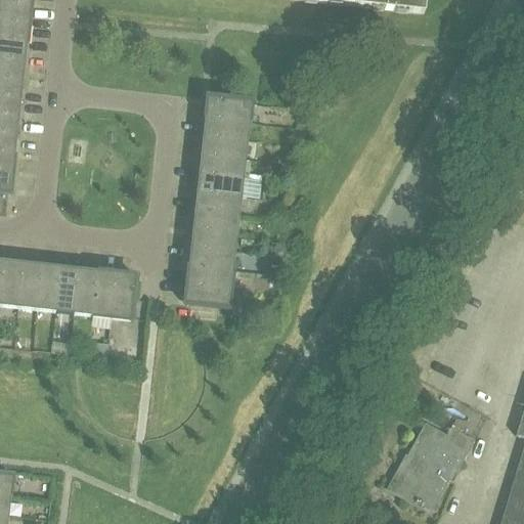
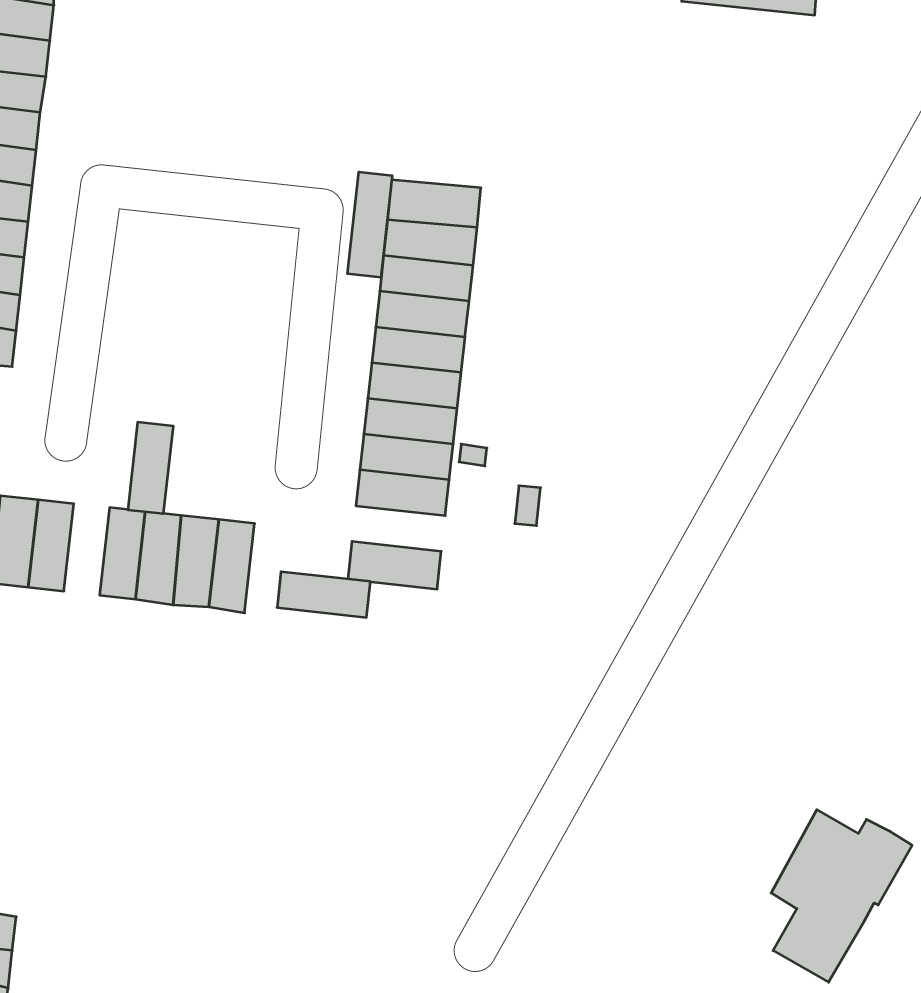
building: none -> [348,172,392,277]
building: [37,262,60,309] -> [128,422,173,514]
building: [185,263,233,287] -> [277,572,370,617]

